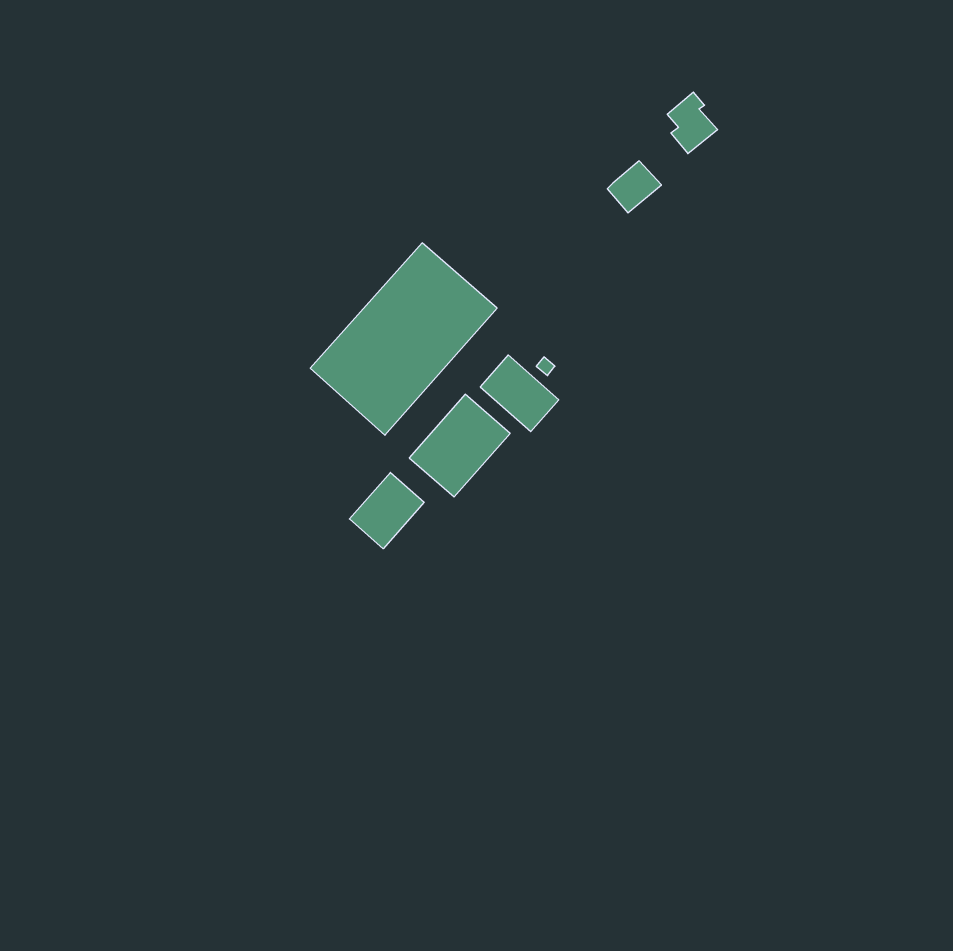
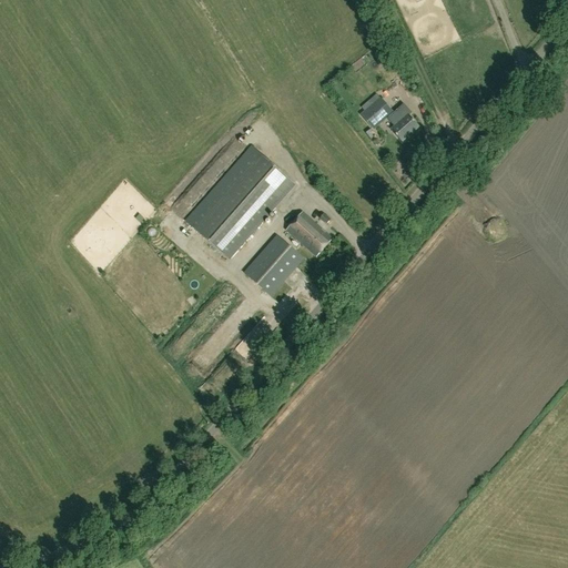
building: [667,92,718,154] -> [387,103,417,140]
building: [349,472,424,549] -> none

